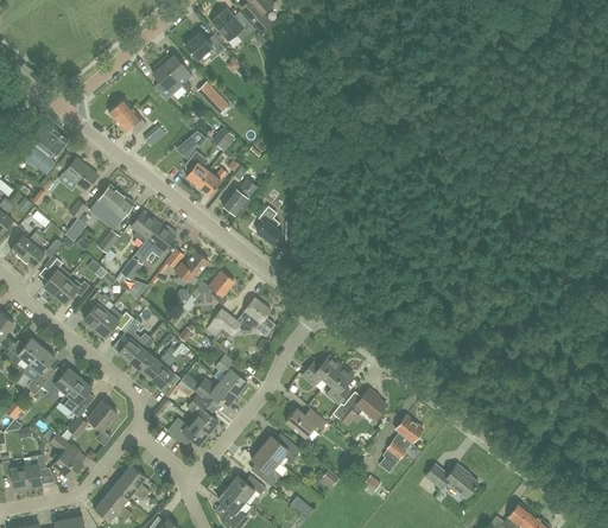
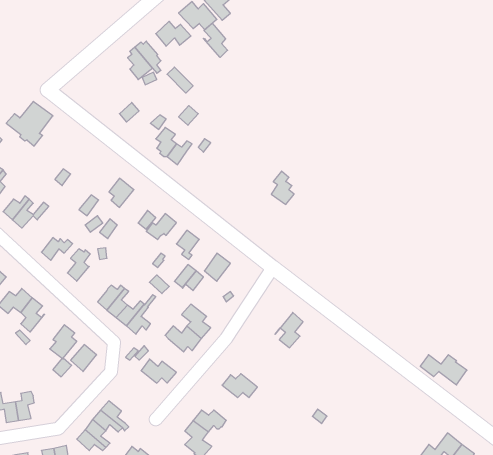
building: none -> [203,23,228,57]
building: [107,97,145,134] -> none
building: [63,157,96,189] -> none
building: [221,178,256,215] -> none
building: [89,184,133,228] -> none
building: [255,205,281,243] -> [271,171,294,204]
building: [135,223,177,259] -> none
building: [42,257,70,294] -> none
building: [94,306,131,336] -> none
building: [302,354,341,388] -> none
building: [40,365,80,394] -> none
building: [331,387,386,420] -> none
building: [188,393,217,432] -> none
building: [285,407,327,437] -> none
building: [378,414,423,471] -> none
building: [49,426,81,477] -> none
building: [251,446,287,485] -> none
building: [424,463,477,497] -> [420,355,467,385]

